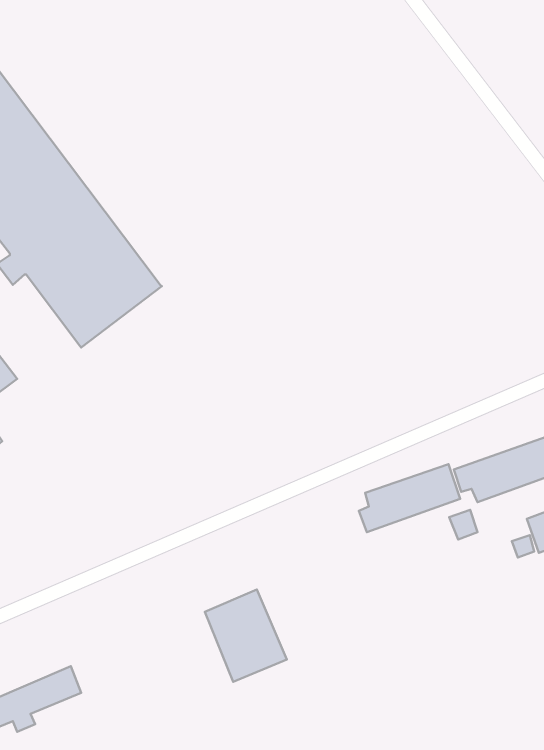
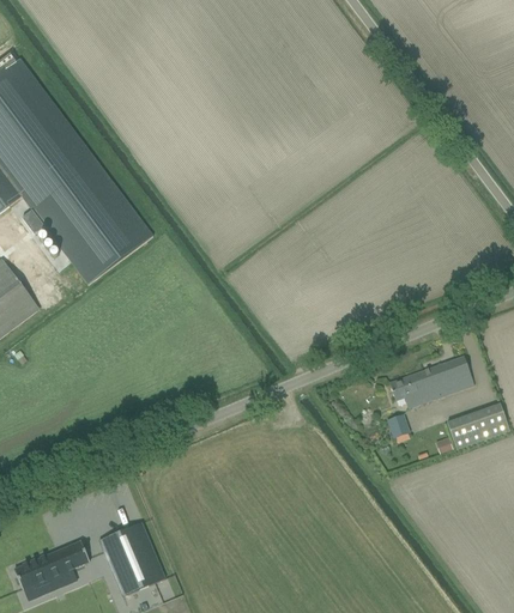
building: [359,464,460,532] -> none
building: [205,590,287,682] -> [99,522,165,596]

